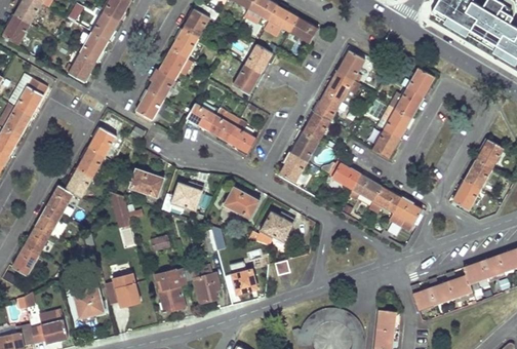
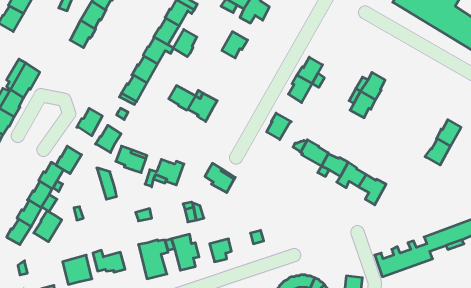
building: [288,16,317,43] -> none
building: [339,50,365,80] -> none
building: [69,53,96,81] -> none
building: [233,65,258,94] -> [173,29,197,57]
building: [406,68,434,96] -> none
building: [303,112,330,142] -> none
building: [228,126,256,153] -> none
building: [371,129,398,159] -> none
building: [76,148,104,178] -> [95,125,121,153]
building: [279,153,307,183] -> none
building: [452,181,480,210] -> none
building: [247,211,294,246] -> none
building: none -> [34,211,62,242]

